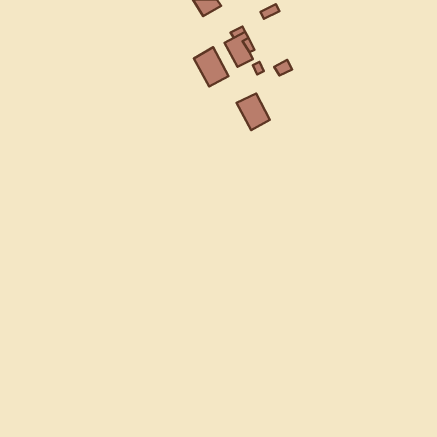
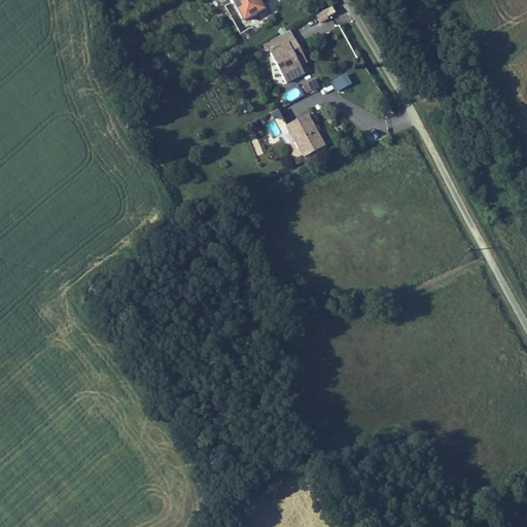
building: [194,47,229,86] -> none

